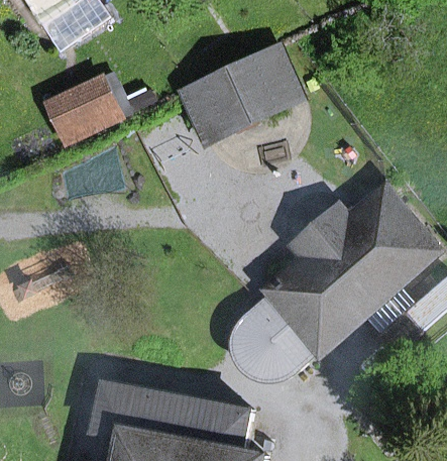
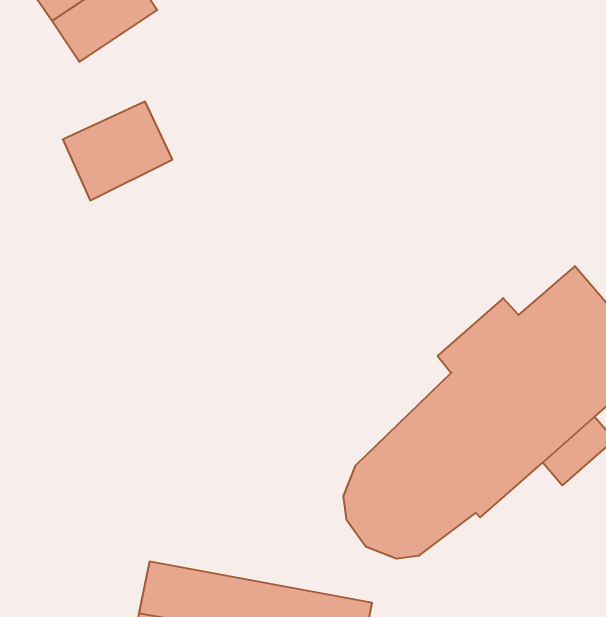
building: [182,48,301,142] -> none

